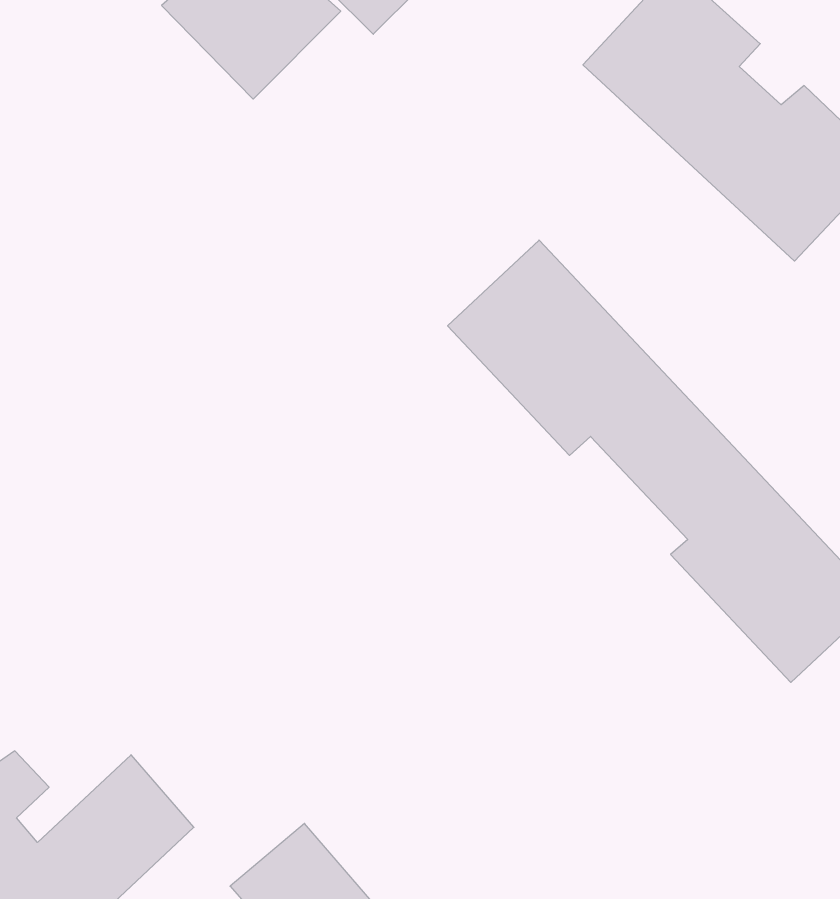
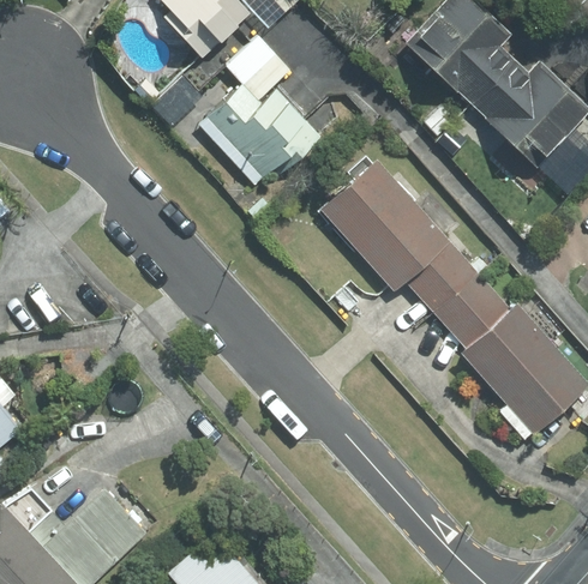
building: none -> [199,36,314,185]

